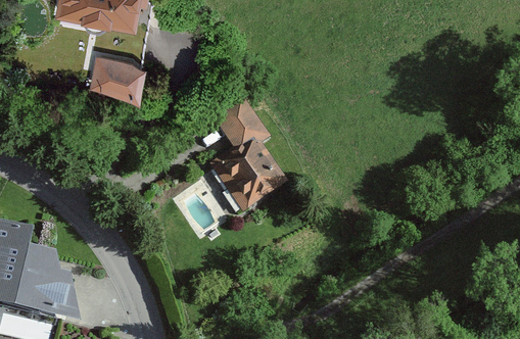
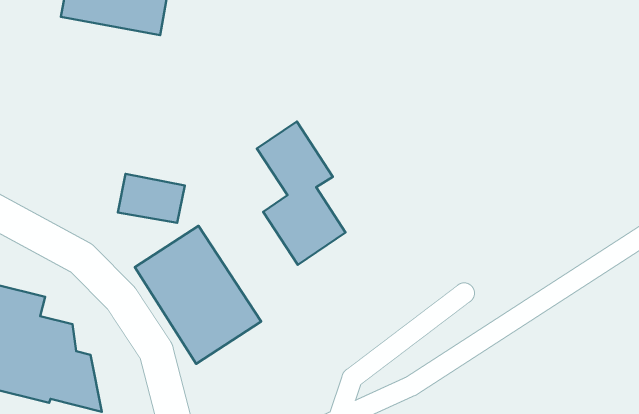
building: [90,59,143,98] -> [118,174,185,223]
building: none -> [135,226,261,364]

